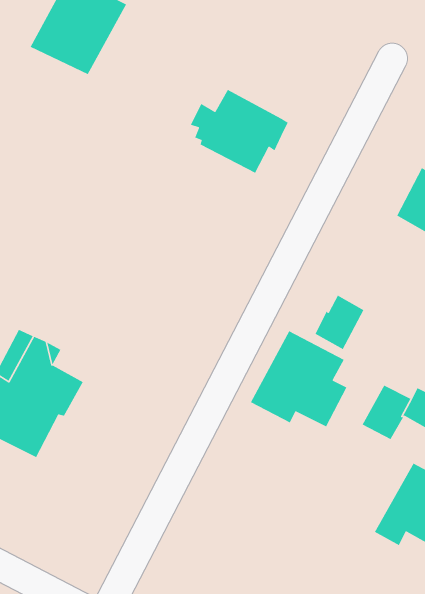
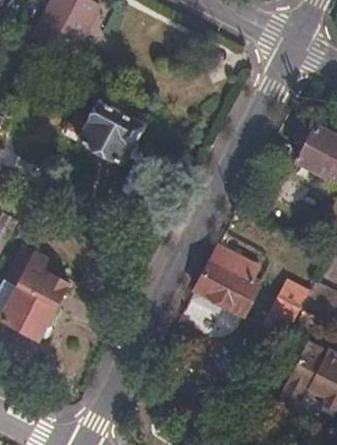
building: [190,89,289,174] -> [67,101,139,163]
building: [315,294,365,350] -> none

